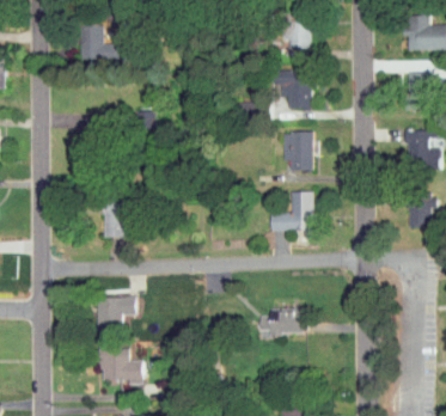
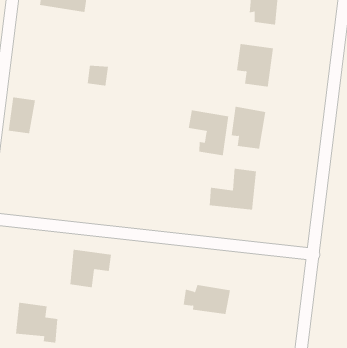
building: none -> [188,109,229,156]
building: [104,203,127,237] -> [8,97,36,134]
building: [96,298,134,332] -> [69,249,112,288]

